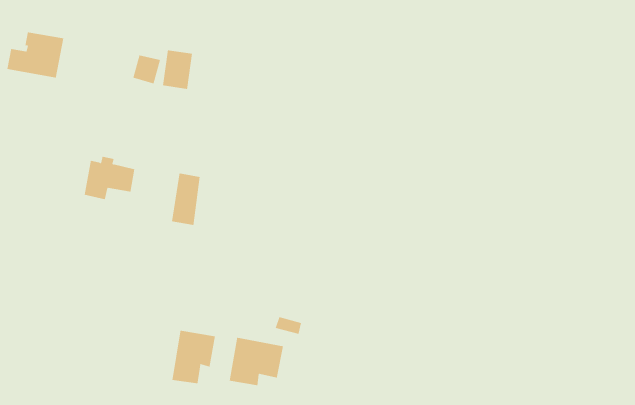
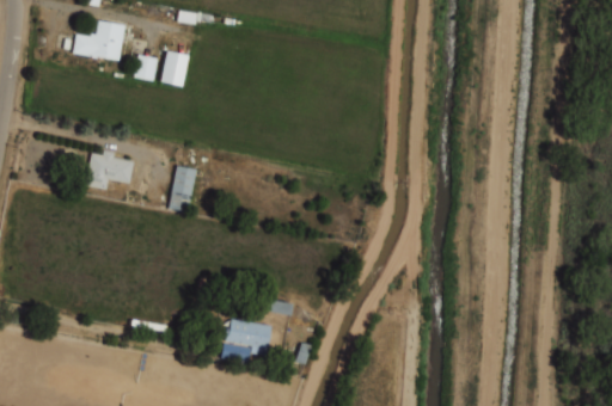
building: [7,32,64,78] -> [73,19,127,62]
building: [172,330,215,384] -> none

